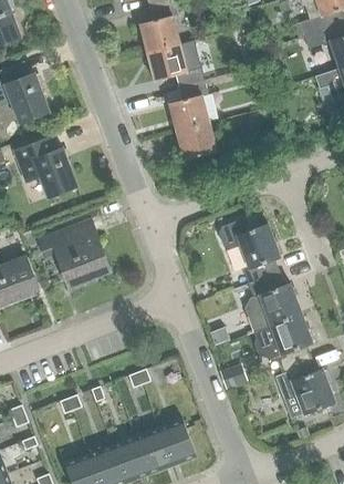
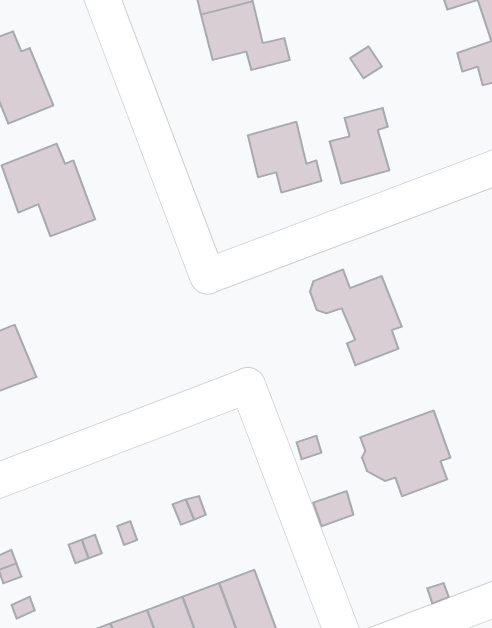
building: [169,81,209,131] -> [329,108,390,184]
building: [38,218,108,287] -> none
building: [243,271,300,330] -> none
building: [274,358,333,413] -> none

